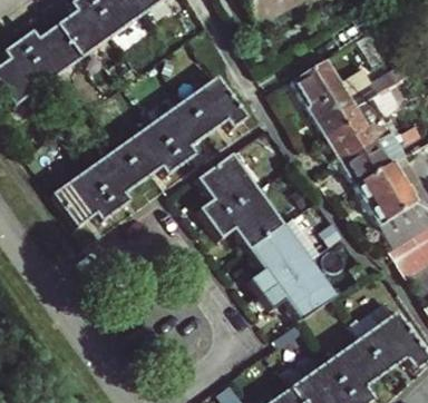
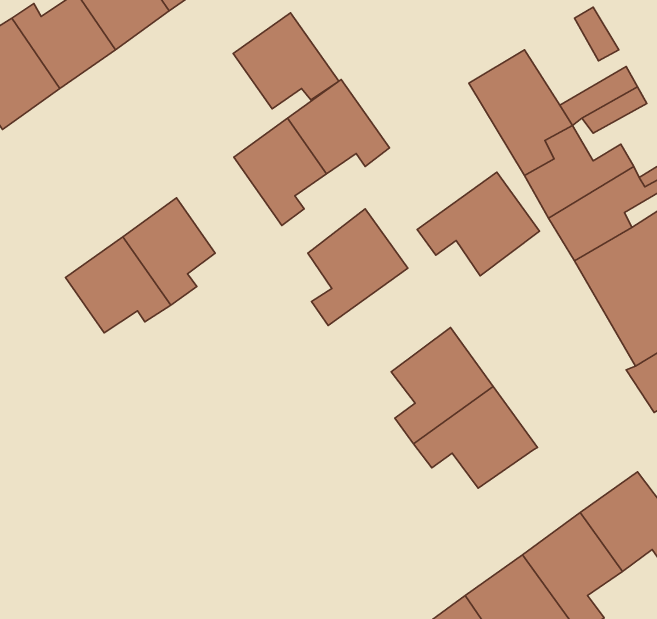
building: [118,121,182,179] -> [233,13,339,109]
building: [210,188,283,250] -> [417,172,539,276]

